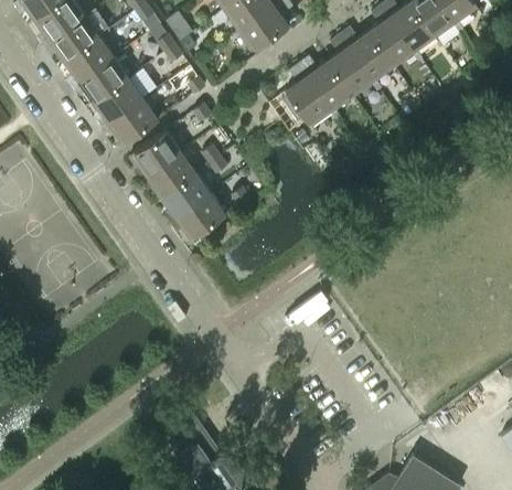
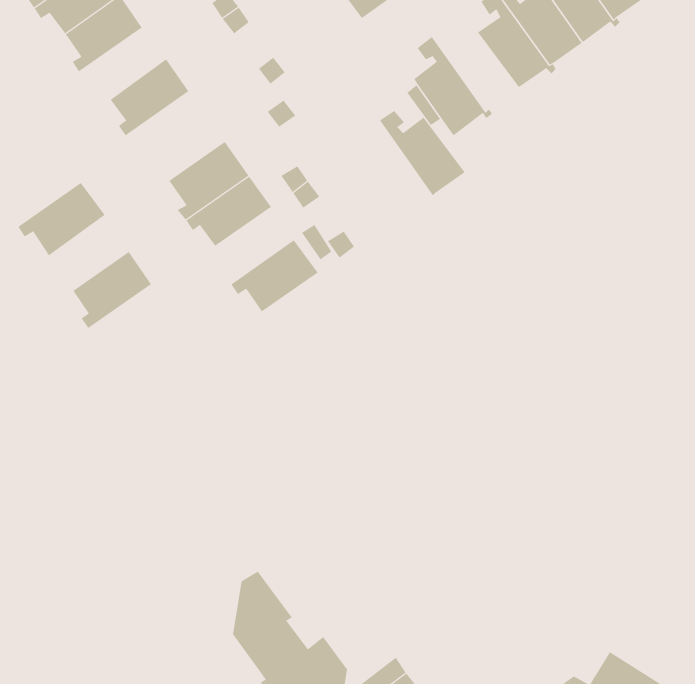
building: [300,56,355,111] -> [379,110,465,196]
building: [74,57,130,104] -> none
building: [104,98,160,146] -> [17,182,105,256]
building: [161,172,212,222] -> [72,251,152,329]

